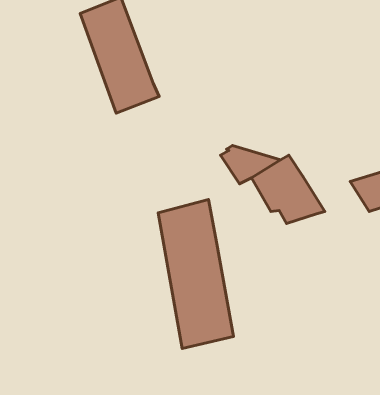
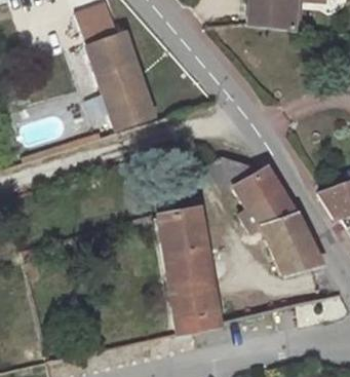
building: none -> [266,215,323,271]

